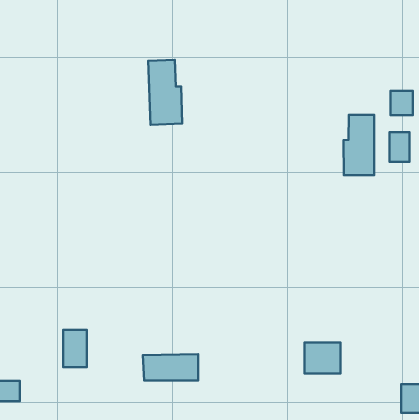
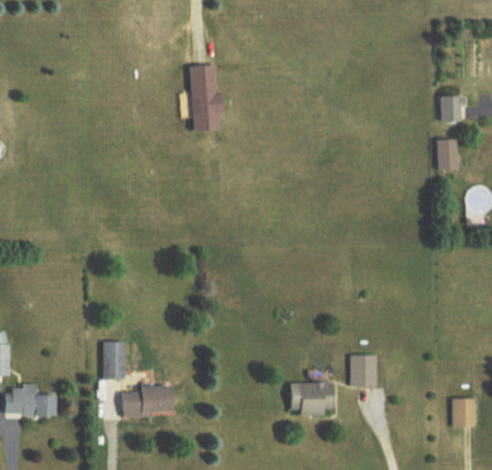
building: [344,115,374,175] -> none
building: [143,354,198,381] -> [121,387,178,414]
building: none -> [288,383,335,413]

